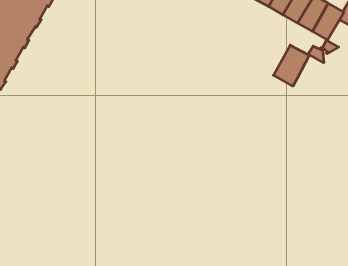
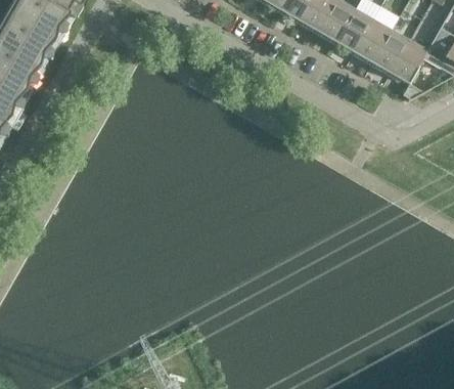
building: [273,45,324,86] -> none

